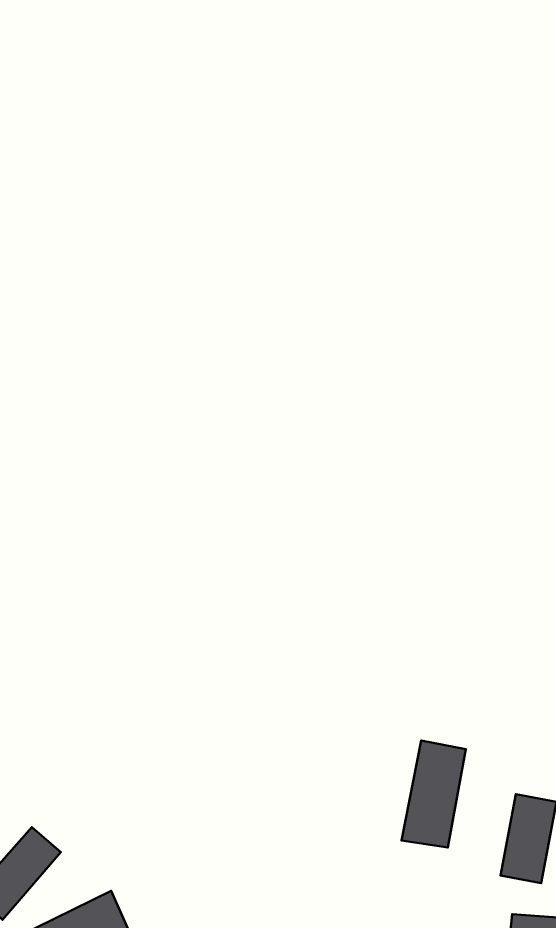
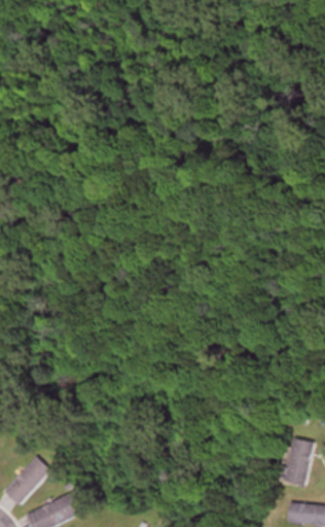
building: [402,741,466,848] -> none

